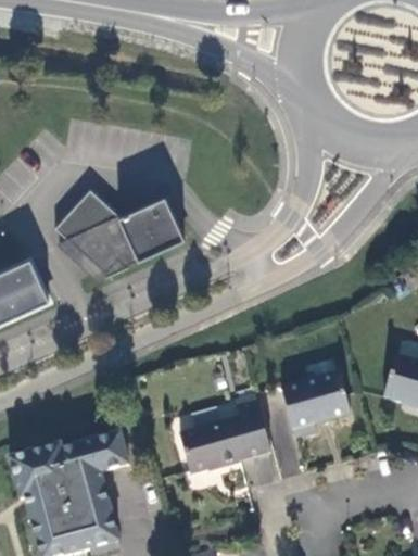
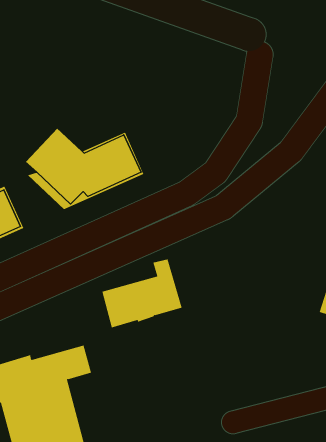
building: [281,371,351,438] -> none
building: [180,395,271,473] -> [101,259,183,328]

